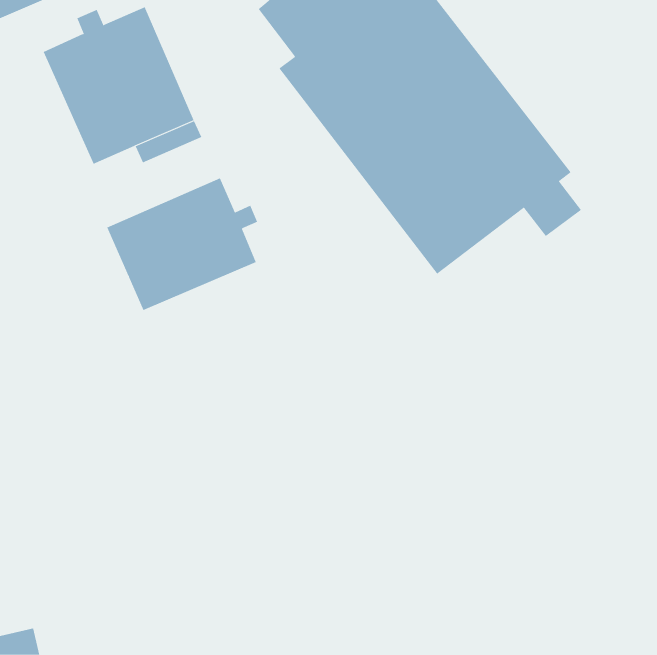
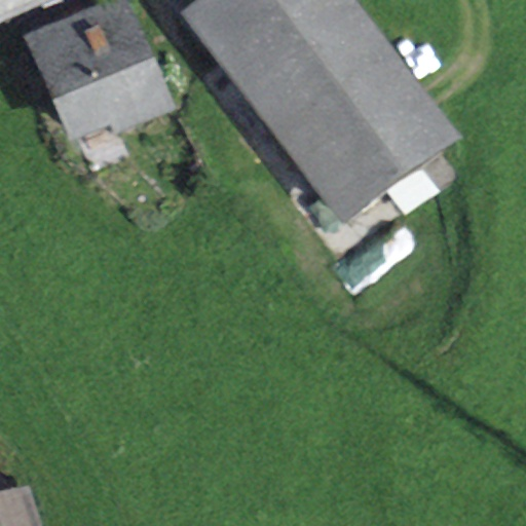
building: [107,177,258,311] -> none

